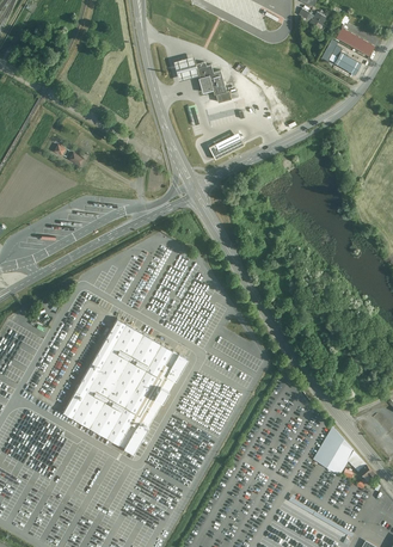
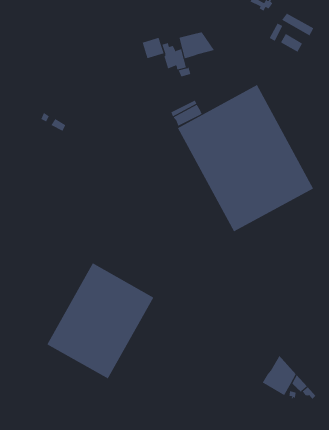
building: none -> [179,32,215,59]
building: none -> [177,84,314,232]

